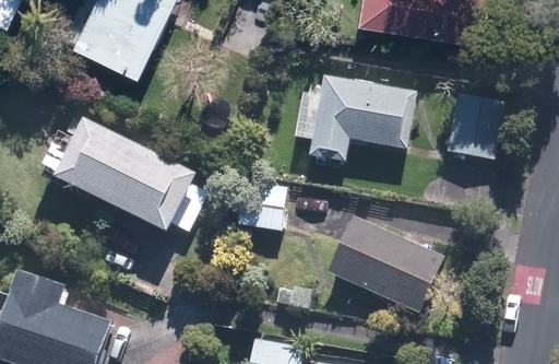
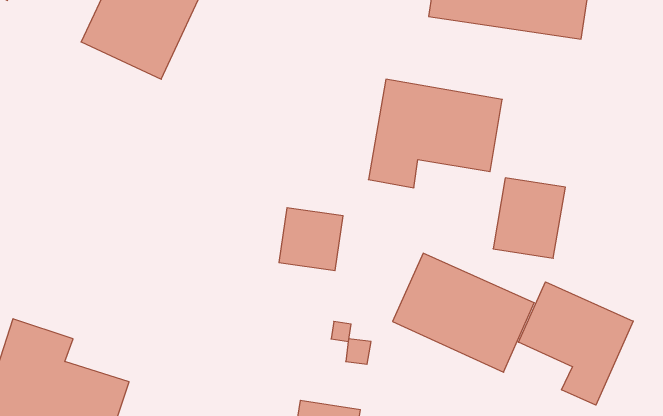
building: [444,95,503,161] -> [493,178,565,258]
building: [55,120,207,235] -> none
building: none -> [518,282,633,405]

